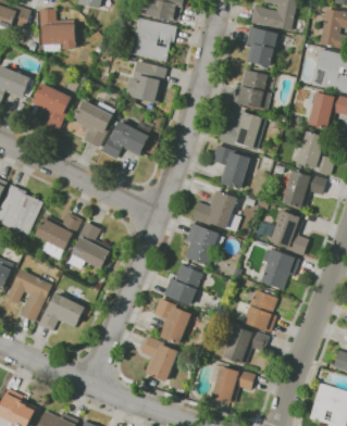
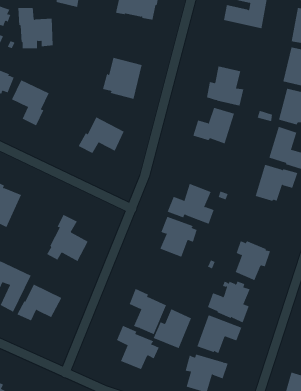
building: [129,17,176,62] -> none
building: [245,26,276,68] -> none
building: [73,100,114,148] -> none
building: [212,145,249,189] -> none
building: [260,210,308,255] -> none
building: [35,212,82,259] -> none
building: [162,264,202,305] -> [153,309,192,349]

